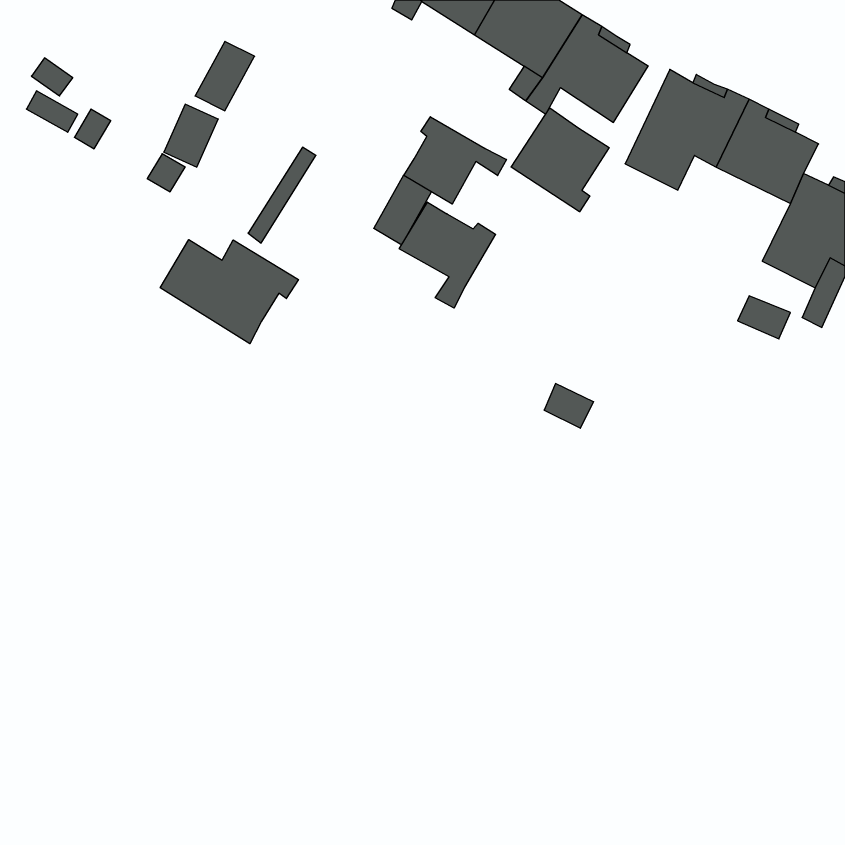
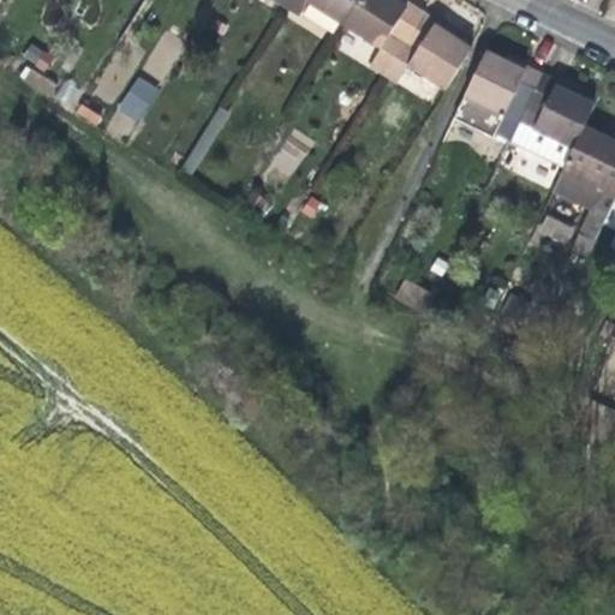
building: [511,108,609,212] -> none
building: [404,117,506,204] -> none
building: [399,202,496,308] -> none
building: [160,240,298,344] -> none

